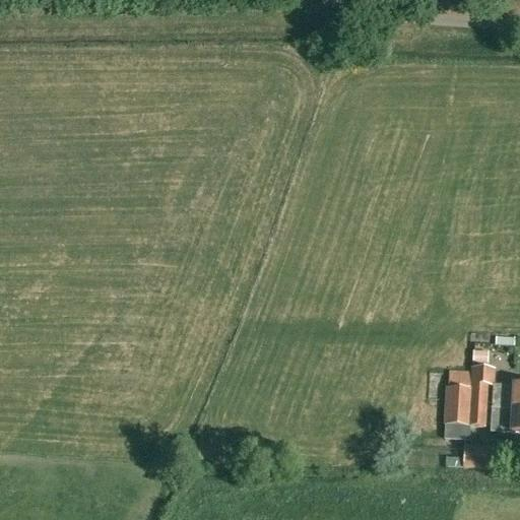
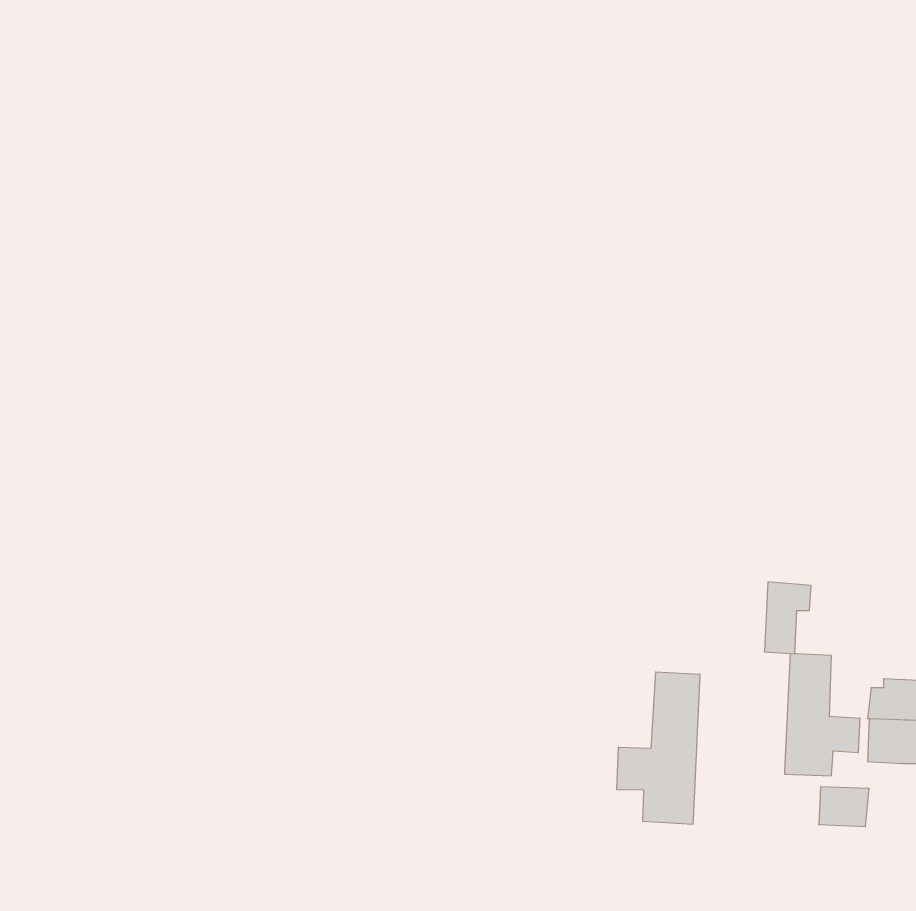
building: [470,365,497,405] -> [764,582,811,654]
building: none -> [617,672,700,824]

